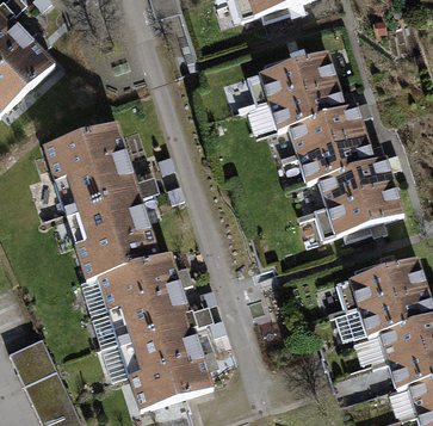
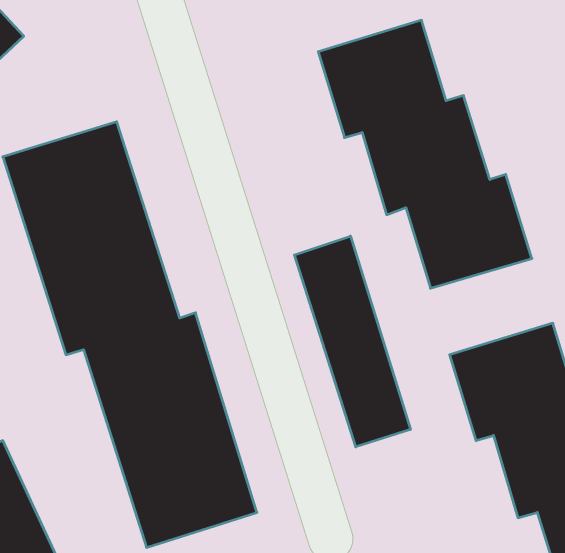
building: none -> [294,236,410,447]

